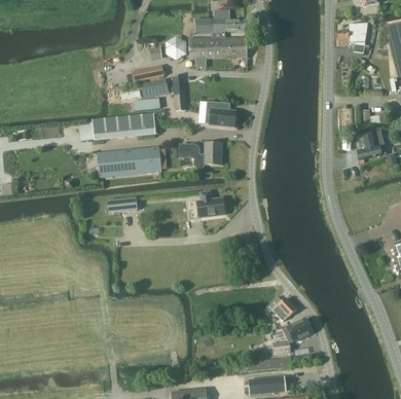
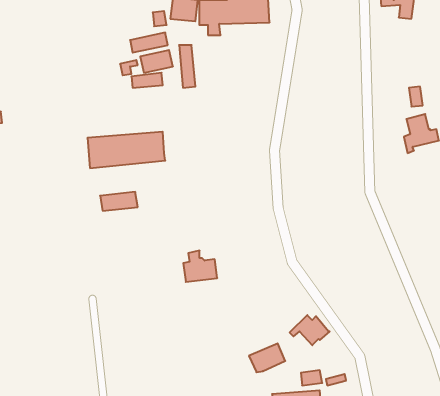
building: [205,101,236,126] -> none
building: [93,113,156,139] -> none
building: [179,142,221,168] -> none
building: [196,190,224,216] -> [183,251,217,282]
building: [282,318,312,341] -> [249,343,285,372]

